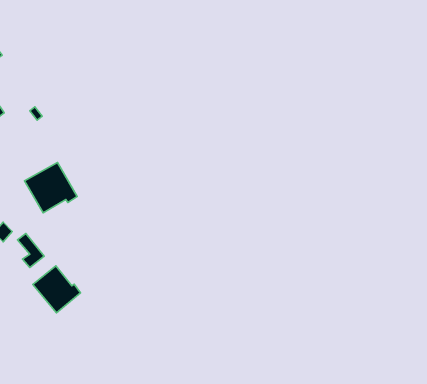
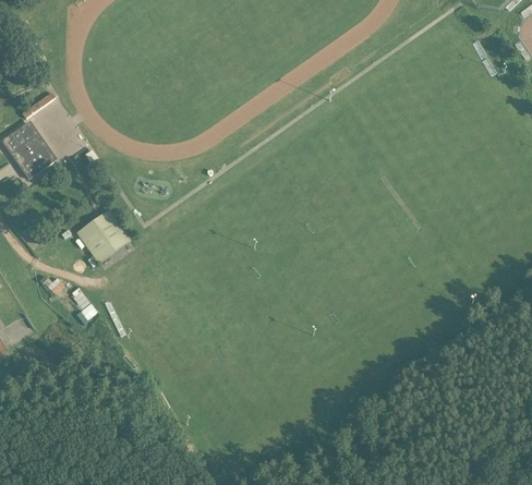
building: [33,266,81,313] -> none

